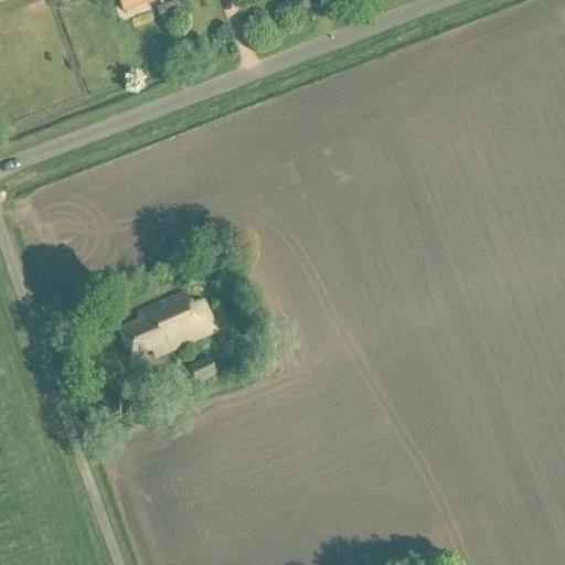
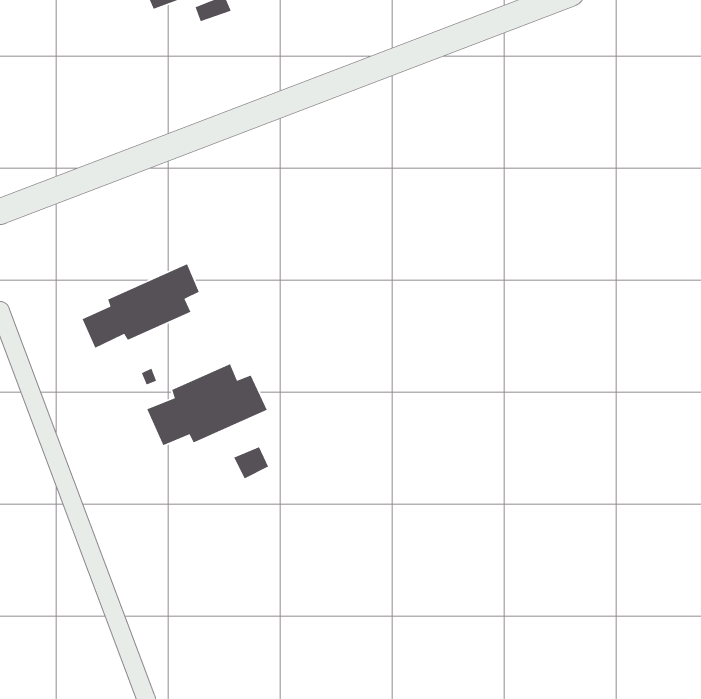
building: none -> [82,263,200,349]

